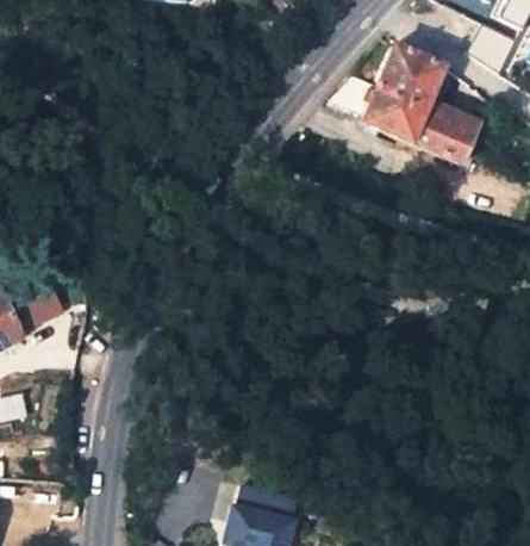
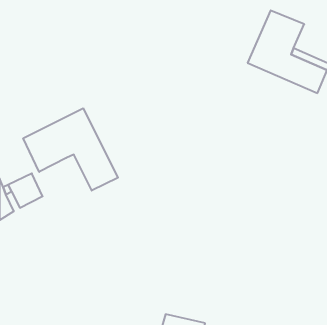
building: none -> [23,108,118,191]

